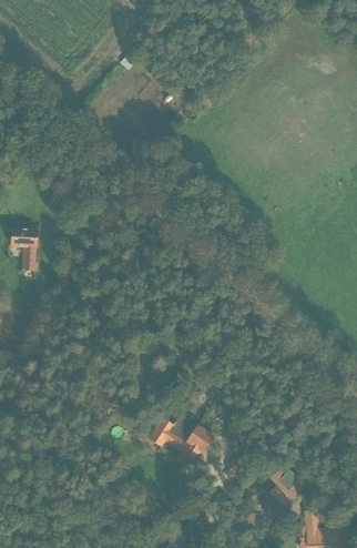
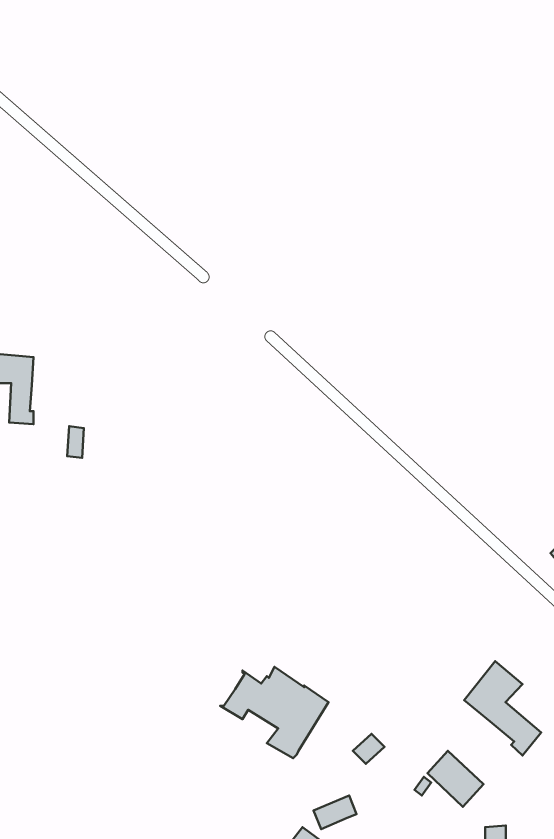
building: none -> [464,661,541,755]

